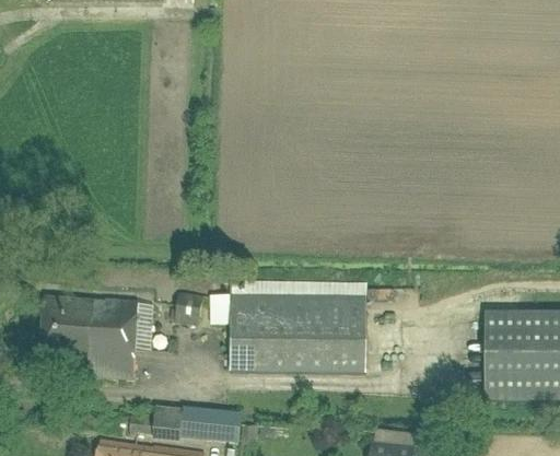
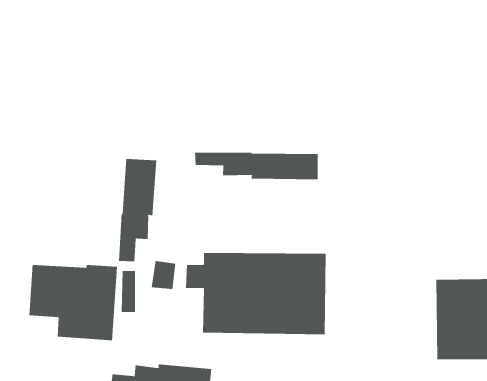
building: none -> [195,152,318,180]
building: none -> [119,158,157,262]

